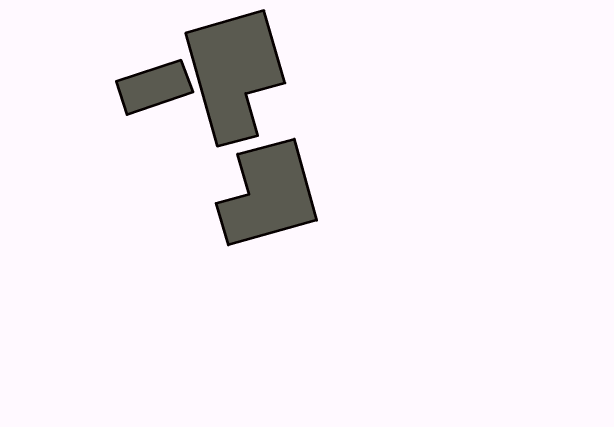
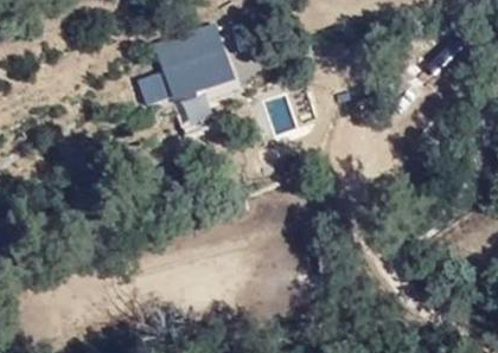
building: [216,139,317,245] -> none

